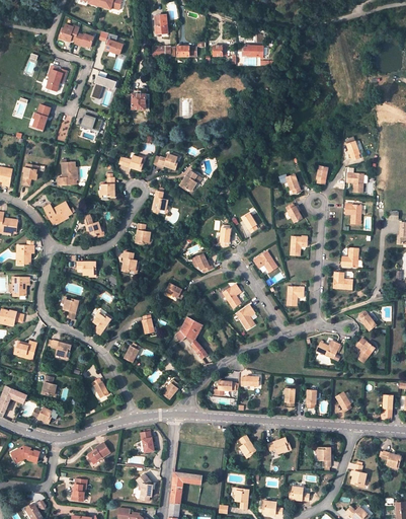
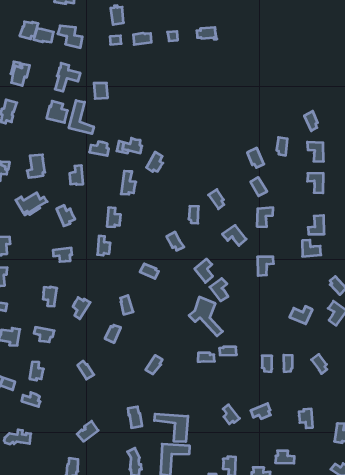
building: none -> [69,100,94,134]
building: [175,316,209,358] -> [189,297,223,336]
building: none -> [154,414,188,442]

